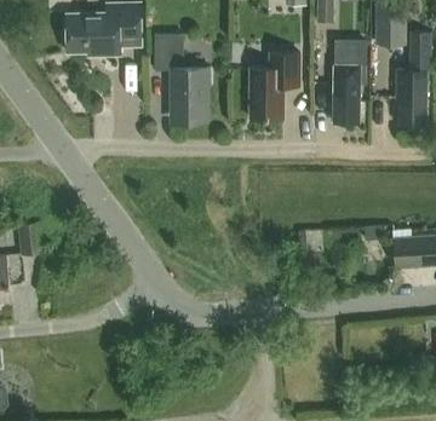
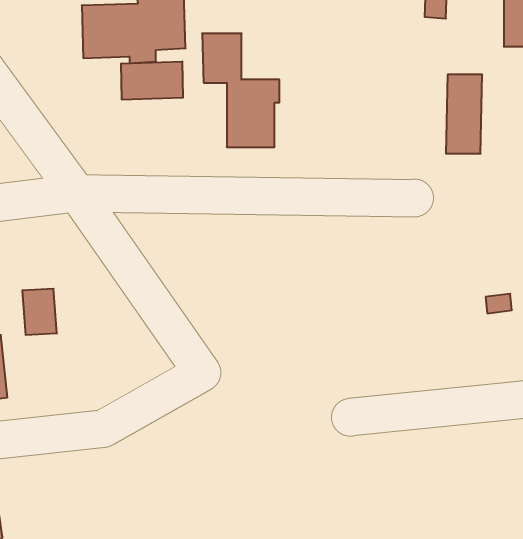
building: [334,40,366,65] -> none
building: [249,53,299,120] -> none
building: none -> [121,61,183,100]

